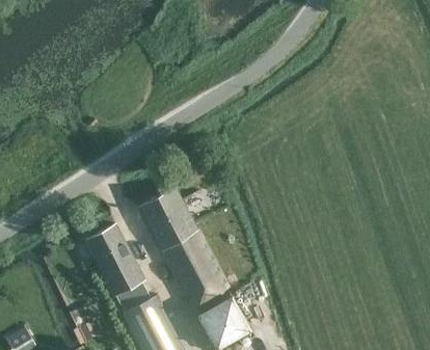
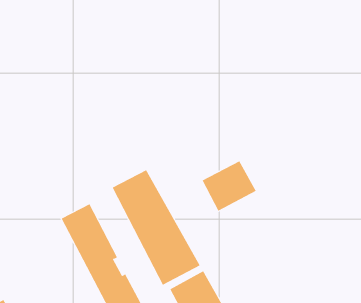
building: none -> [202,161,257,212]

